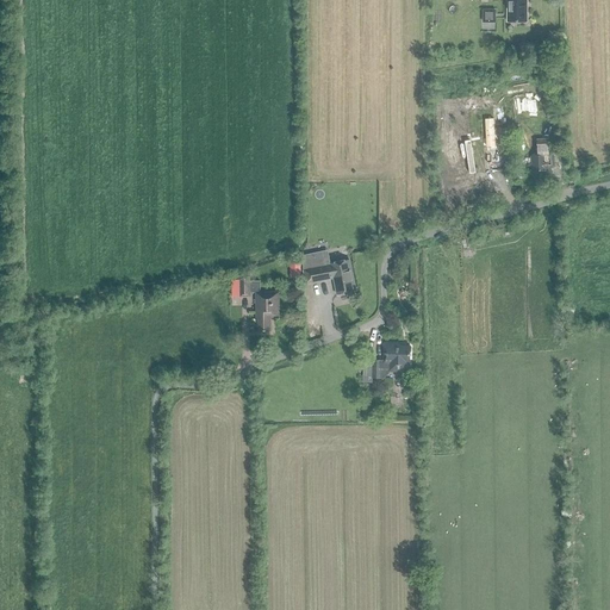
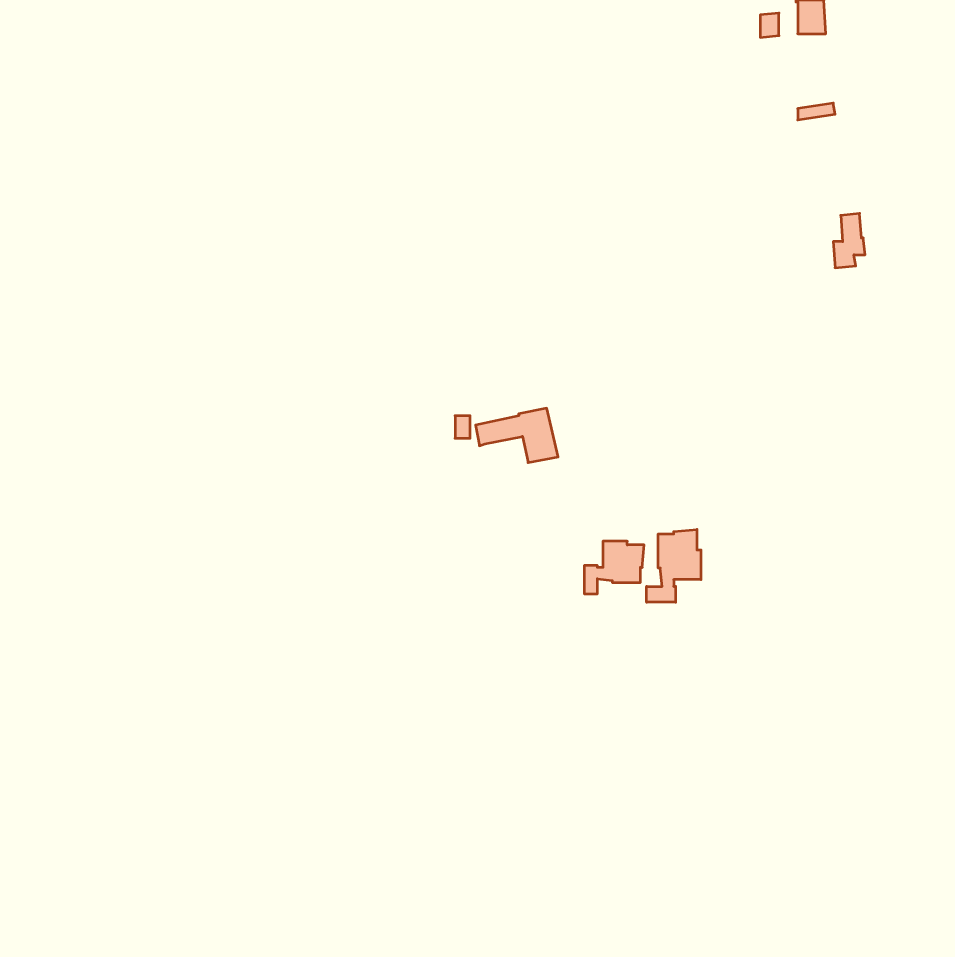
building: [238,275,278,331] -> none
building: none -> [647,529,701,602]

